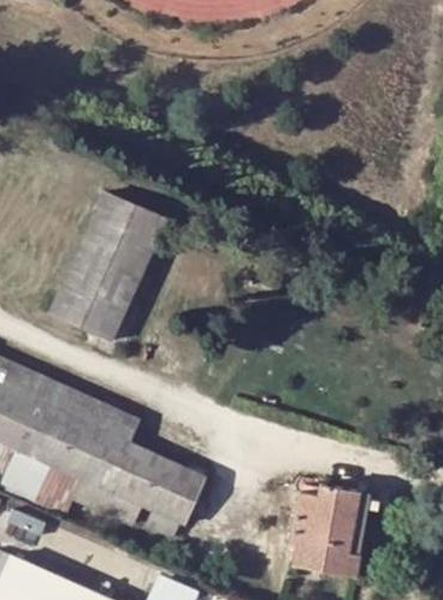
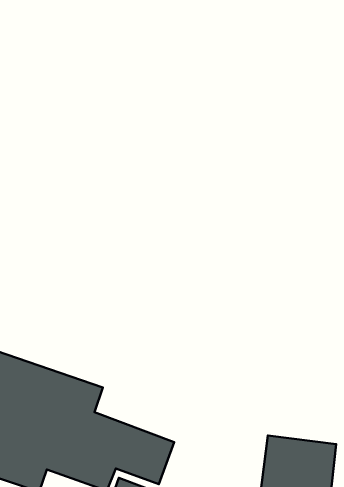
building: [52,193,167,340] -> none

